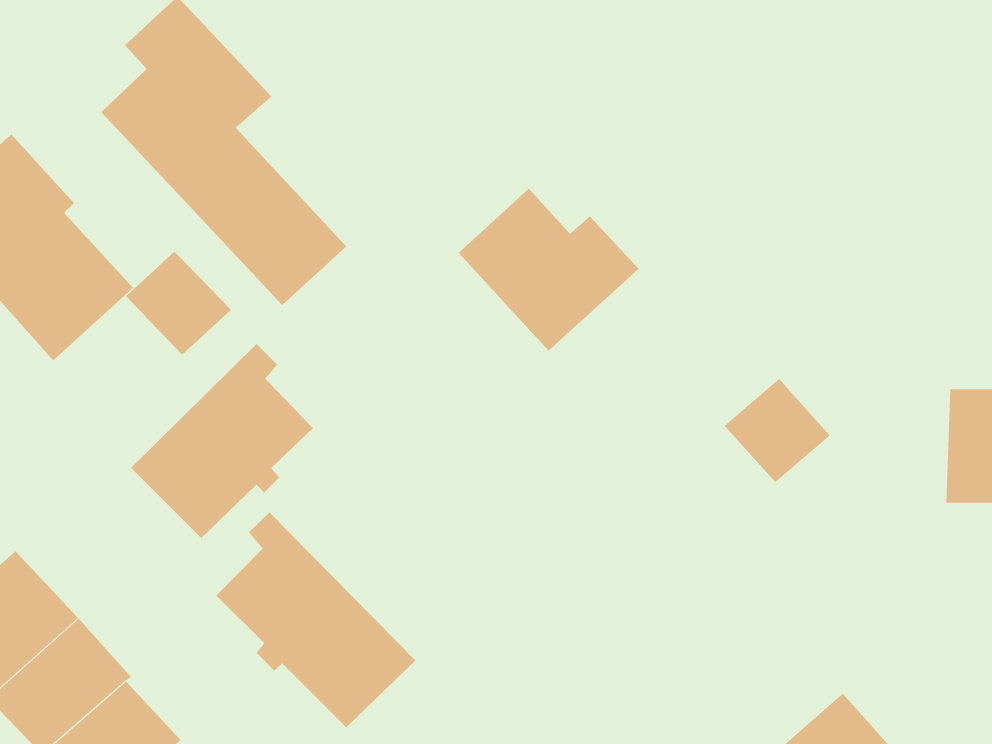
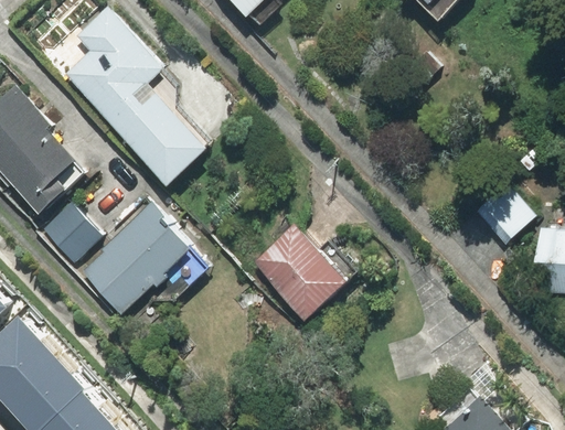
building: [458,188,639,352] -> [254,226,355,318]
building: [125,251,232,355] -> [43,203,103,261]
building: [724,378,831,483] -> [478,184,537,243]
building: [216,512,416,728] -> none

